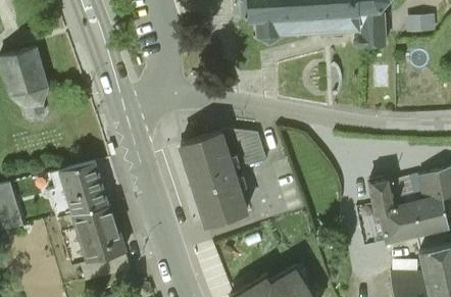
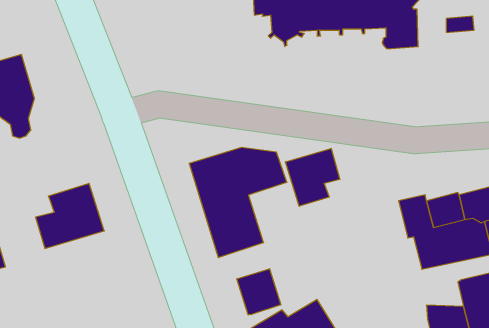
building: none -> [285,148,340,206]
building: [56,206,124,268] -> none
building: none -> [237,269,281,315]

